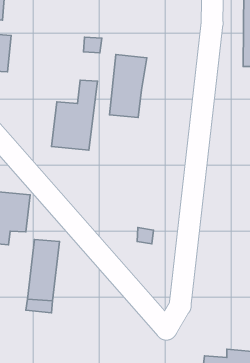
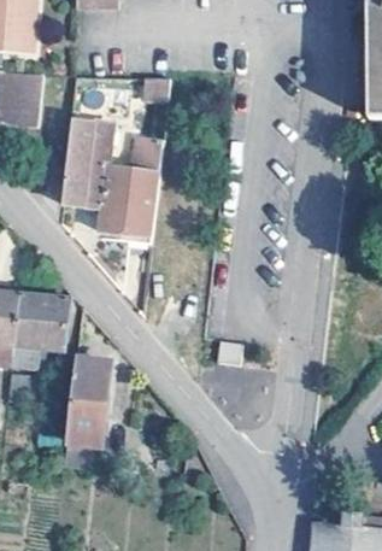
building: [110,54,147,117] -> [61,118,113,206]

